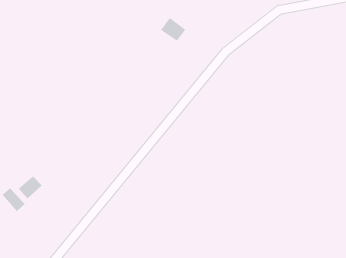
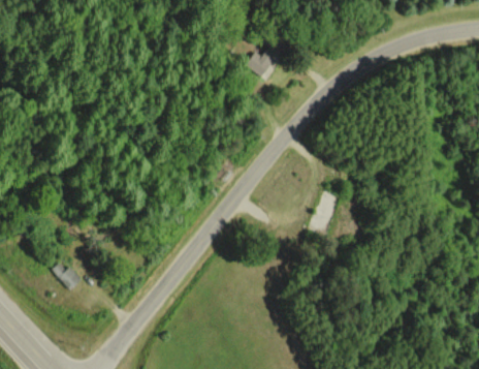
building: [18,176,42,199] -> none

